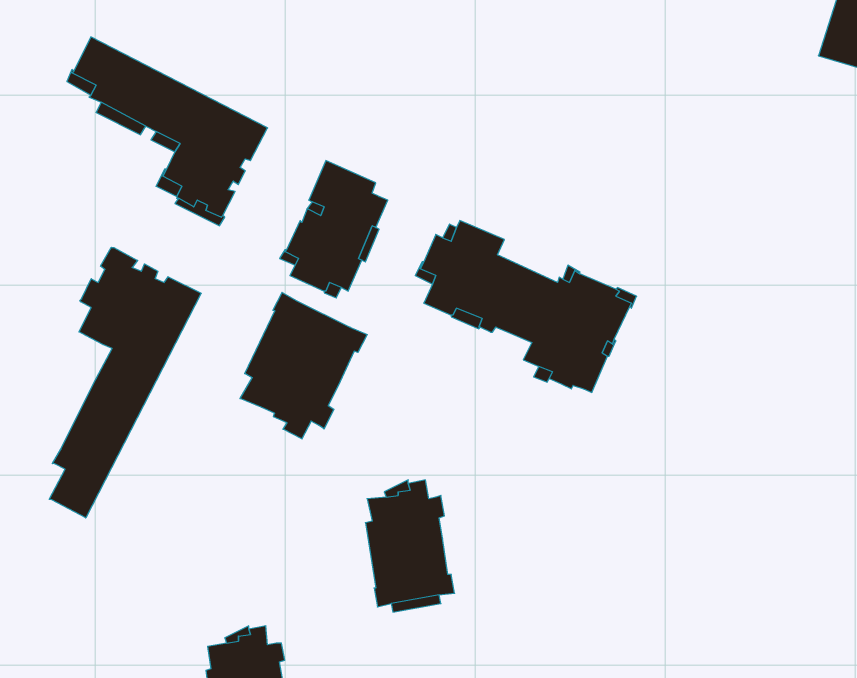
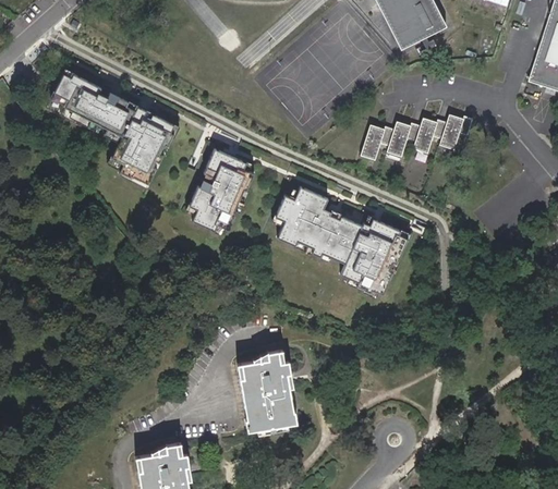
building: none -> [364,120,478,160]
building: [49,247,201,518] -> none
building: [240,292,367,439] -> none

